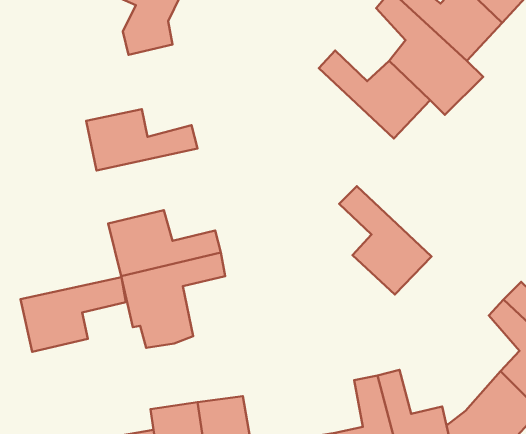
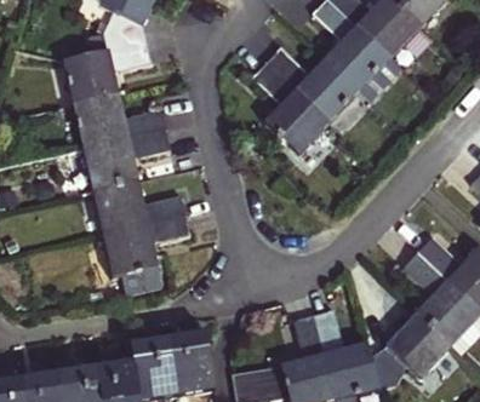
building: none -> [63,42,150,105]
building: [339,186,432,295] -> [252,62,328,151]
building: [20,277,126,352] -> [82,128,170,190]

